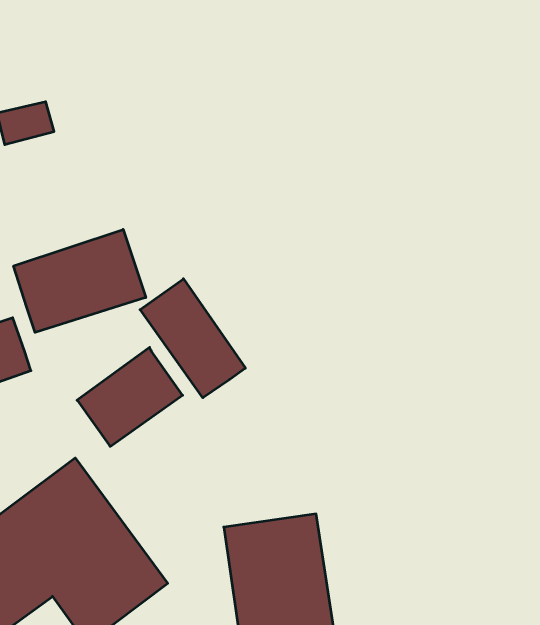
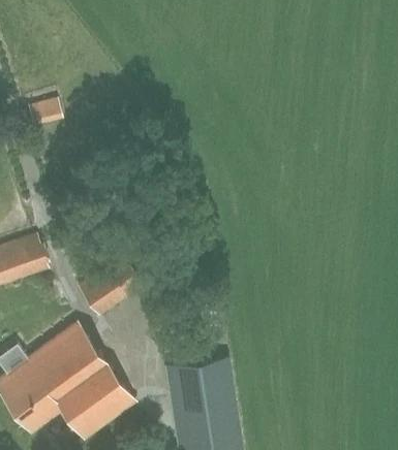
building: [14,229,146,332] -> none
building: [140,279,245,398] -> none

